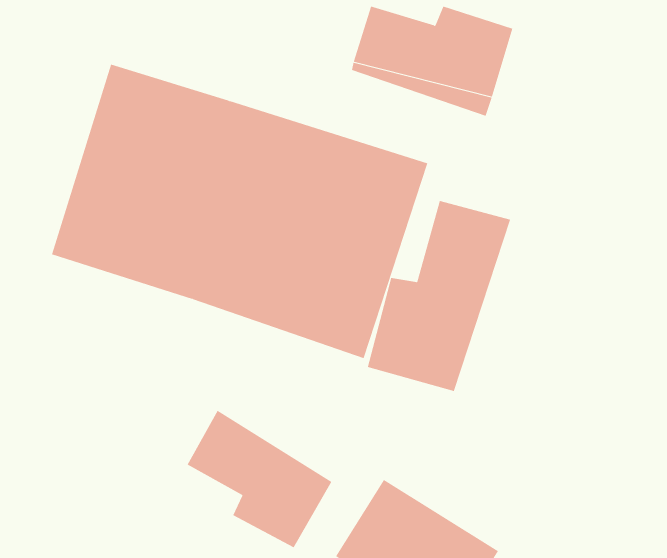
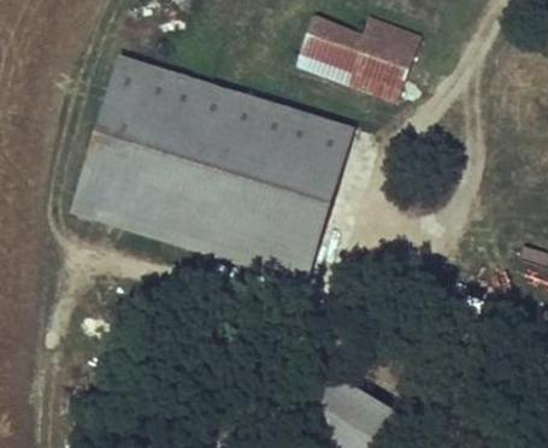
building: [367,200,511,392] -> none
building: [187,410,332,548] -> none

